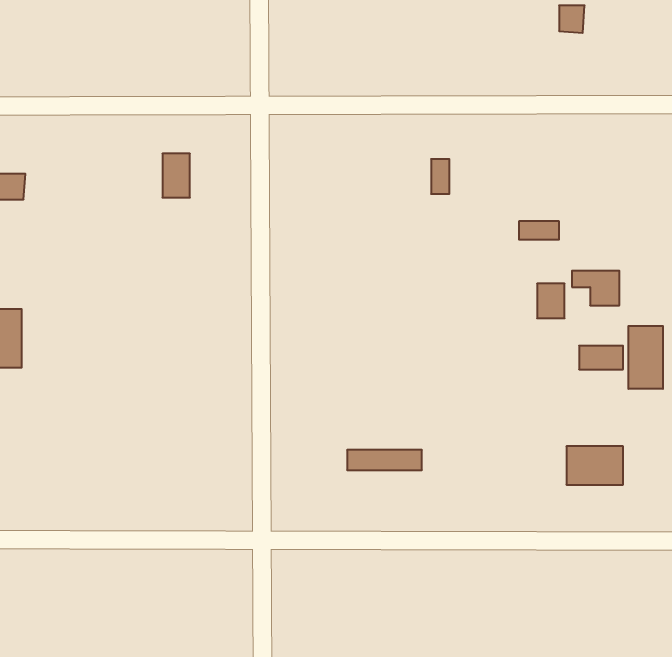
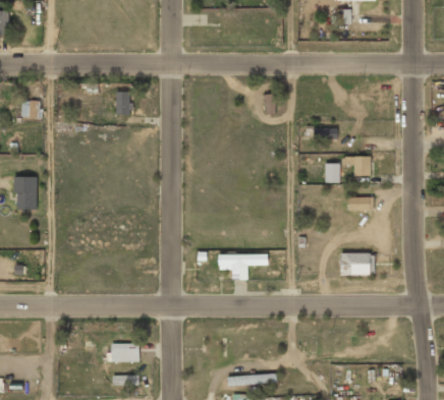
building: [628,326,663,389] -> none
building: none -> [111,344,137,362]

